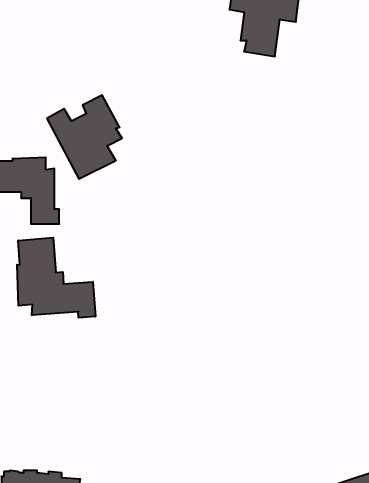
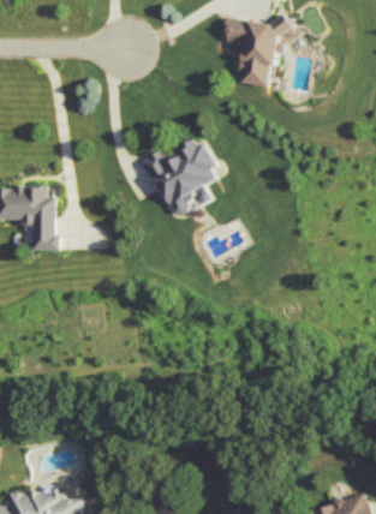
building: [47,95,122,179] -> [144,137,217,219]
building: [17,238,95,318] -> none

